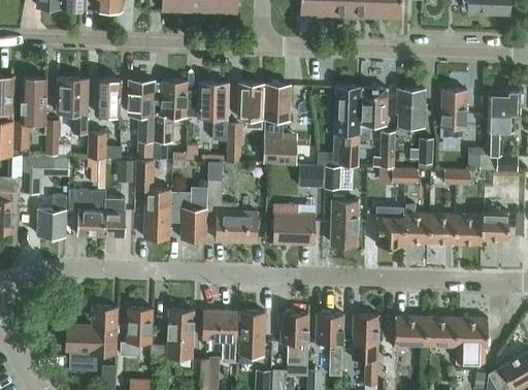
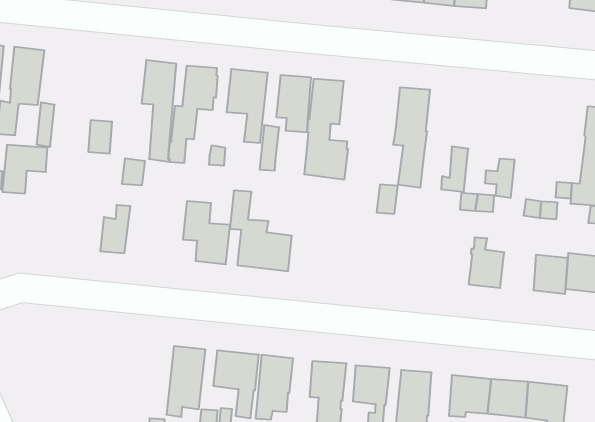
building: [57,77,88,132] -> none
building: [95,78,121,113] -> none
building: [359,87,387,139] -> none
building: [396,88,425,126] -> none
building: [440,90,466,137] -> none
building: [135,159,170,238] -> none
building: [298,165,324,187] -> none
building: [77,189,104,236] -> none
building: [36,195,66,235] -> none
building: [330,195,358,245] -> none
building: [272,204,315,242] -> none
building: [374,205,403,246] -> none
building: [428,214,455,242] -> none
building: [65,306,118,370] -> none
building: [126,307,153,367] -> none

